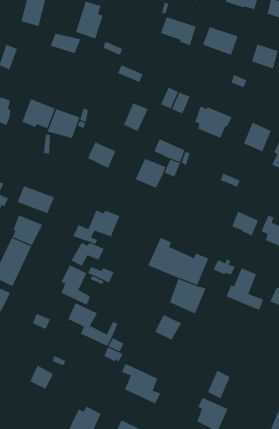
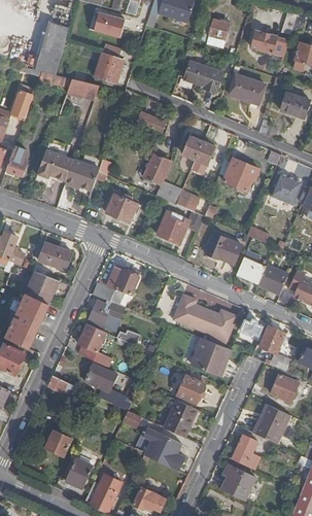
building: none -> [203,231,243,268]
building: none -> [237,257,265,283]
building: none -> [271,370,302,403]
building: none -> [164,400,198,438]
building: none -> [253,404,289,444]
building: none -> [66,459,93,488]

